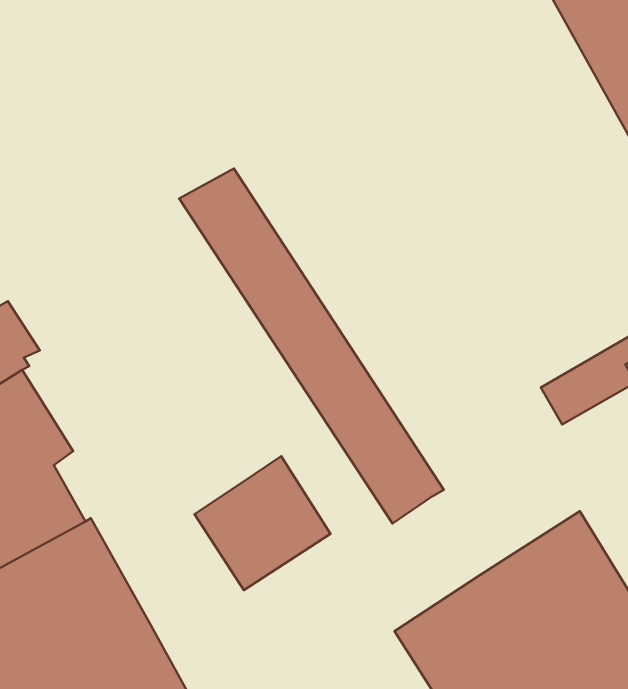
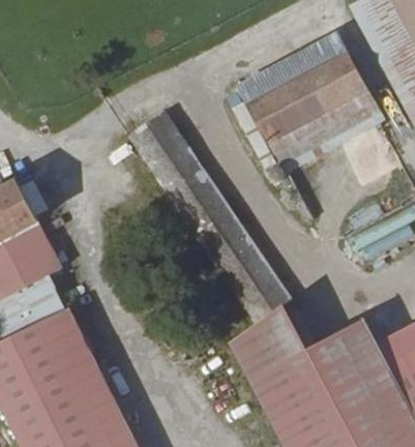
building: none -> [227,34,376,177]
building: [195,456,330,590] -> [228,302,307,381]

